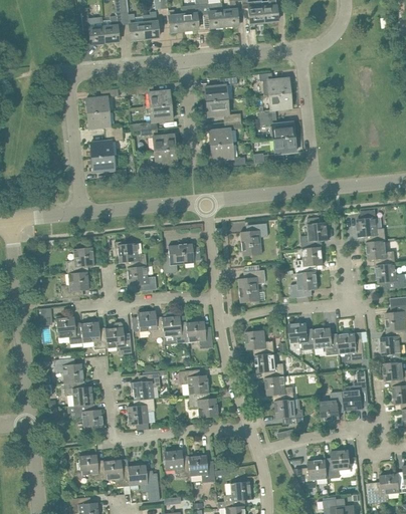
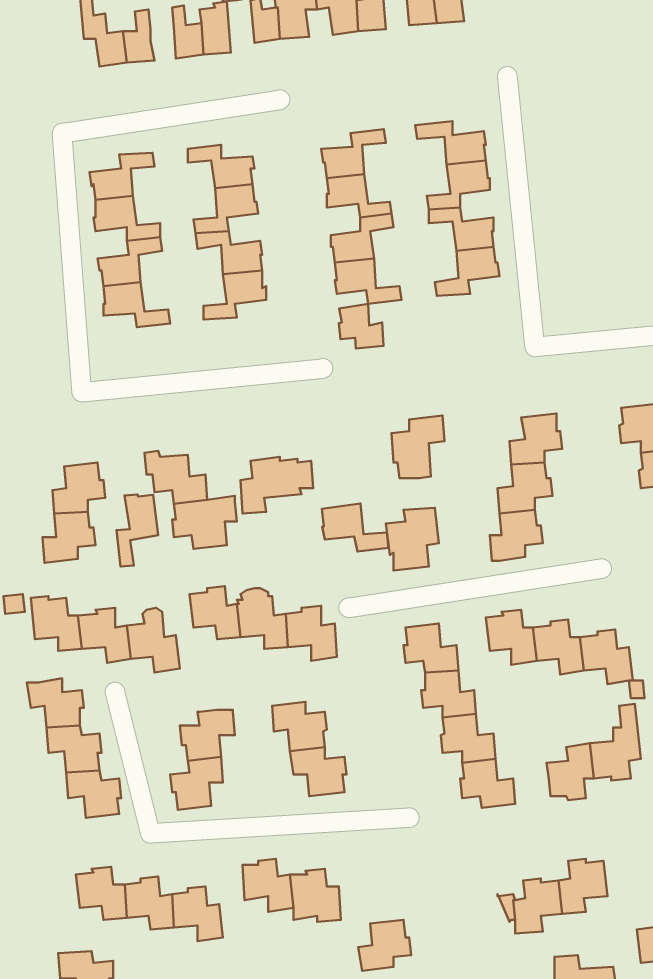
building: none -> [339,304,384,349]
building: none -> [116,494,158,566]
building: none -> [322,504,388,551]

